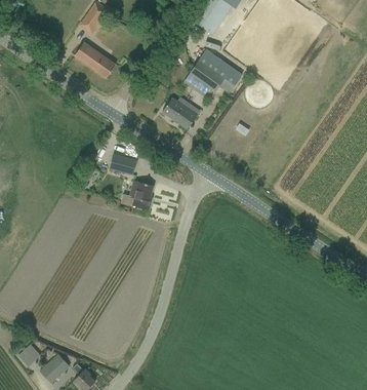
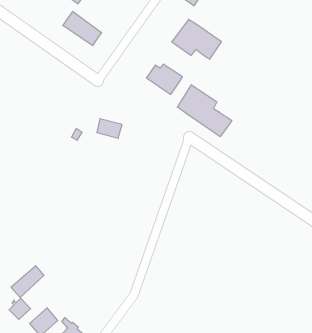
building: none -> [177,85,232,137]
building: [121,180,153,209] -> none
building: none -> [11,266,44,298]

